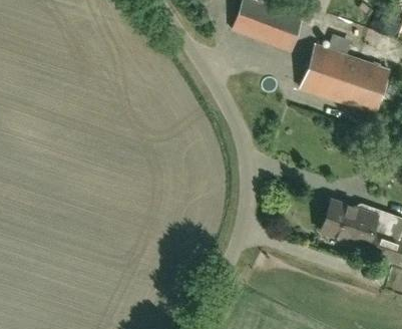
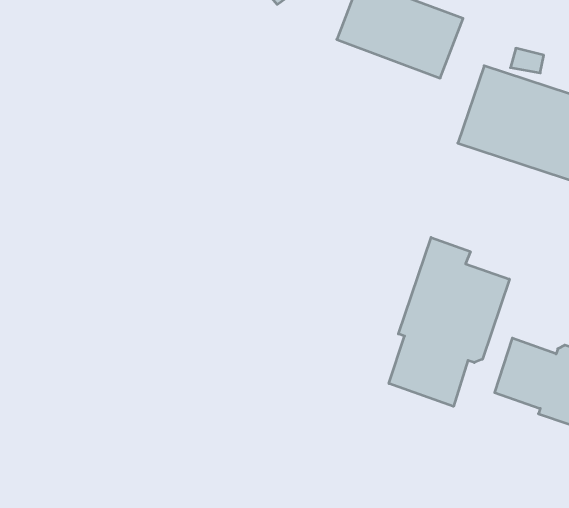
building: none -> [389,237,509,406]

